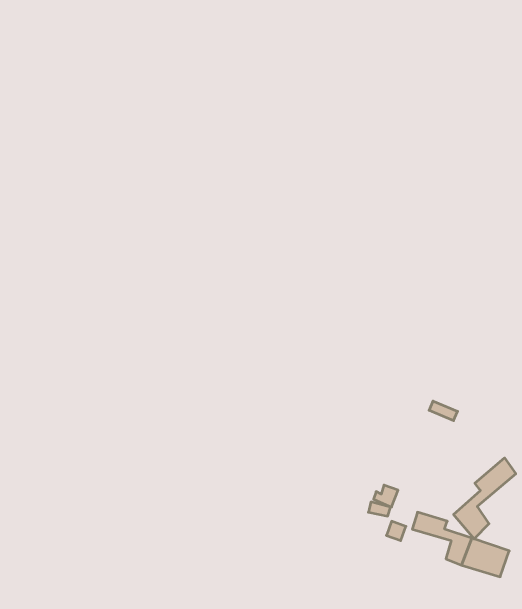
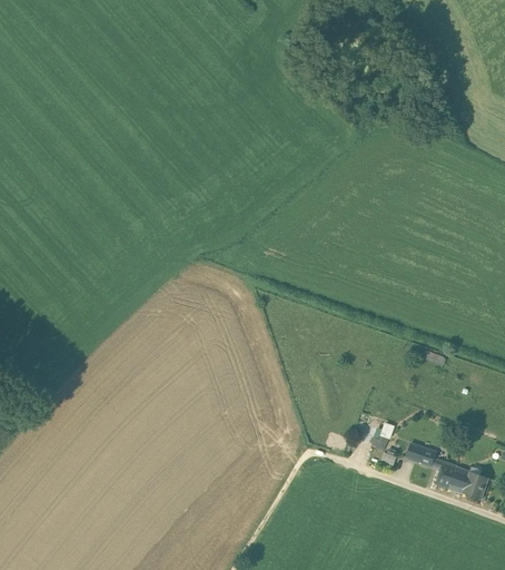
building: [454,458,516,539] -> none

